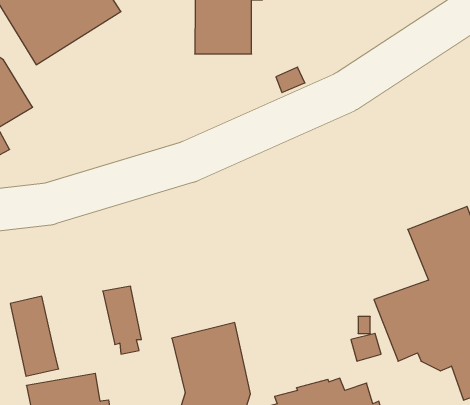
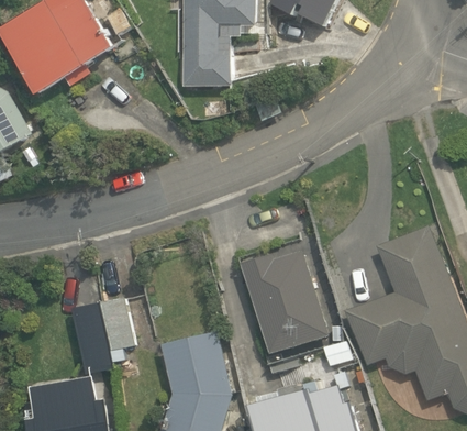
building: none -> [240,251,327,354]
building: [10,296,59,376] -> [69,302,113,375]

